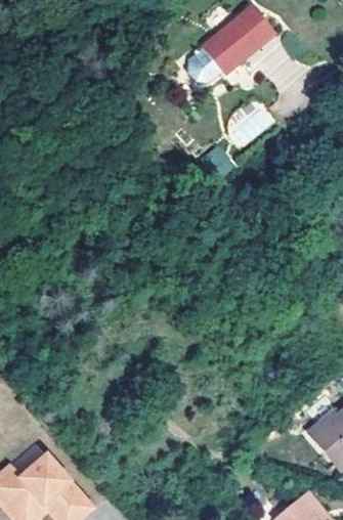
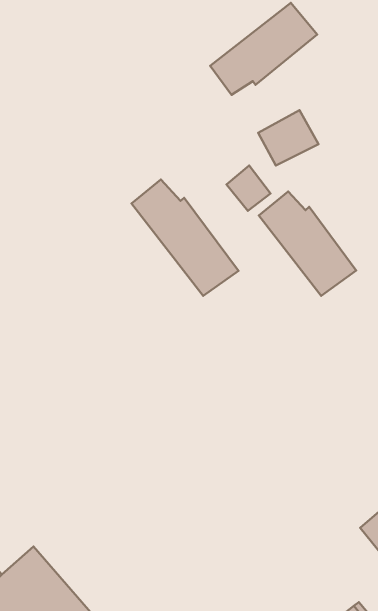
building: none -> [132,179,239,296]
building: none -> [259,192,356,296]

